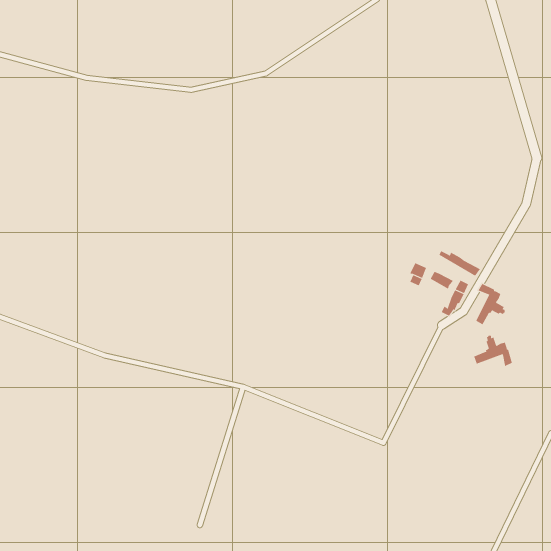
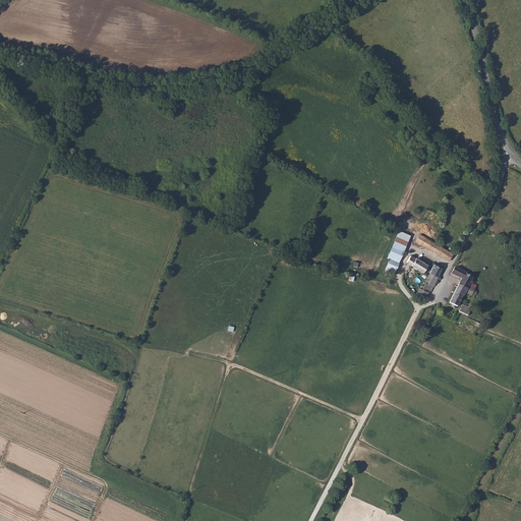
building: [474,335,513,367] -> none

